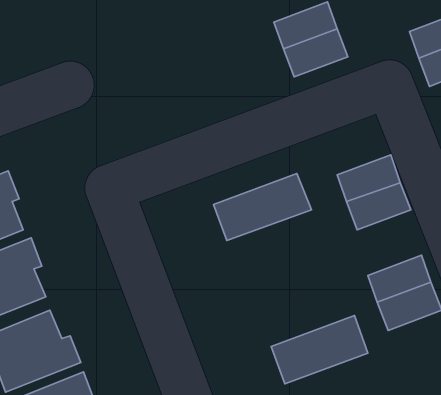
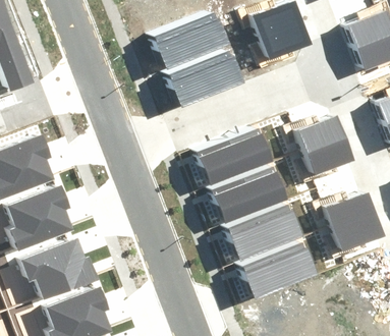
building: none -> [151,15,225,67]
building: none -> [166,52,240,104]
building: none -> [214,169,288,221]
building: none -> [226,207,300,259]

